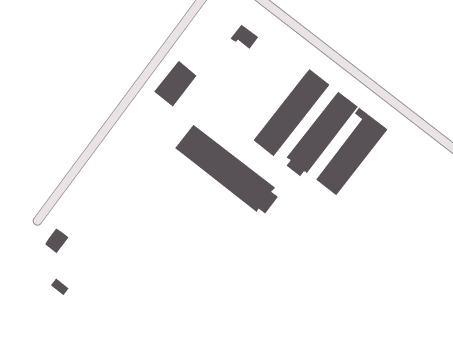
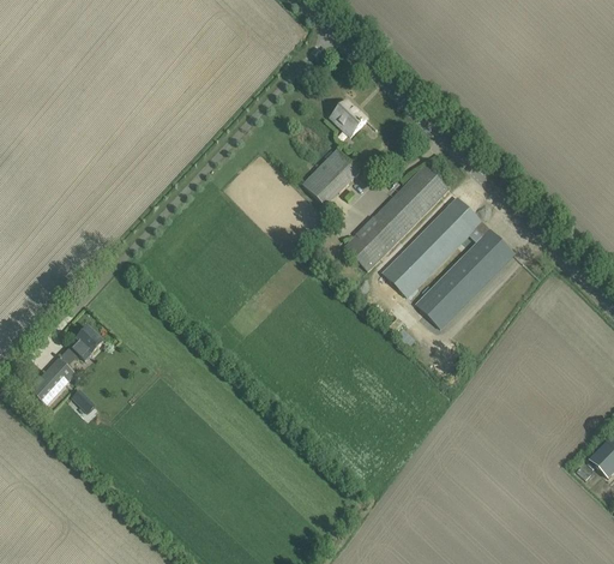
building: [153,60,198,108] -> [302,148,360,206]
building: [174,124,279,214] -> none
building: none -> [29,356,76,404]

